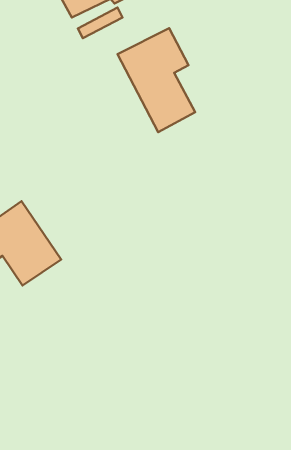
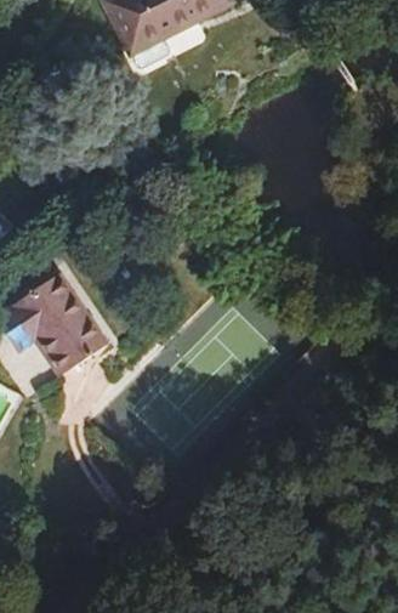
building: [117,28,195,132] -> none

